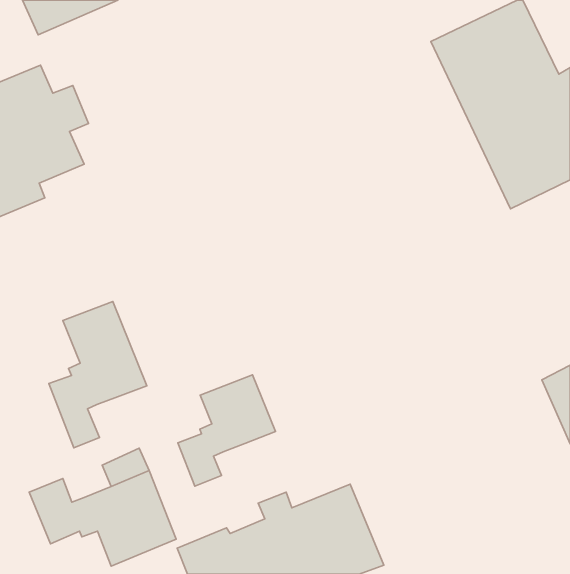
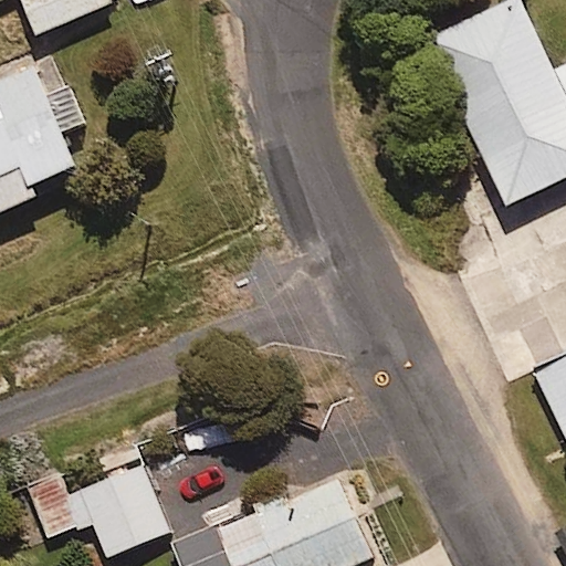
building: [49,302,147,448] -> none
building: [178,375,276,486] -> none

